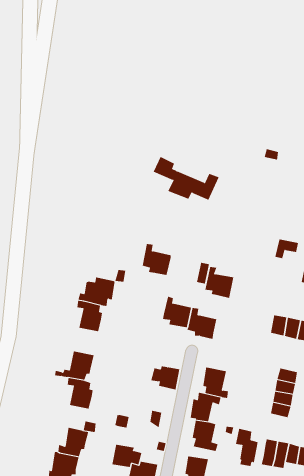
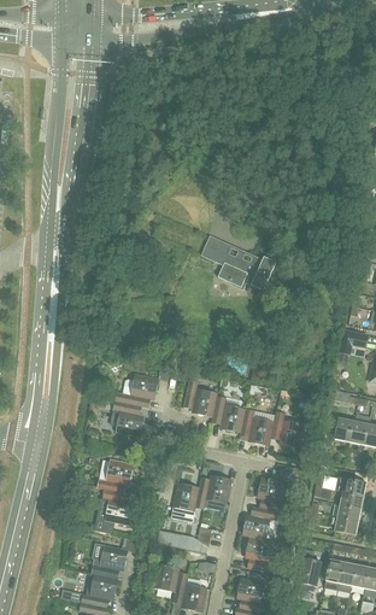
building: [142,244,172,275] -> [183,379,217,415]
building: [204,267,234,298] -> [270,410,304,446]
building: none -> [174,481,207,509]

